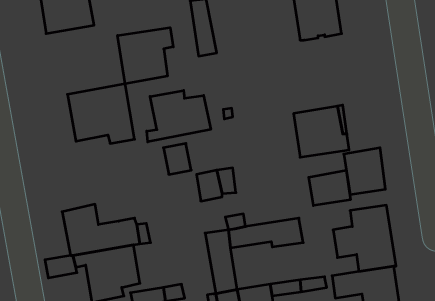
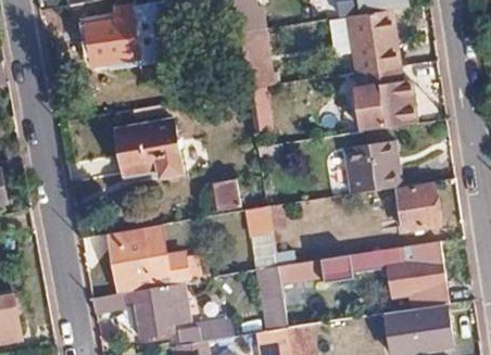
building: [118,28,173,84] -> none
building: none -> [355,65,417,128]
building: [147,90,211,142] -> none
building: [309,170,350,206] -> none
building: none -> [105,224,166,261]

